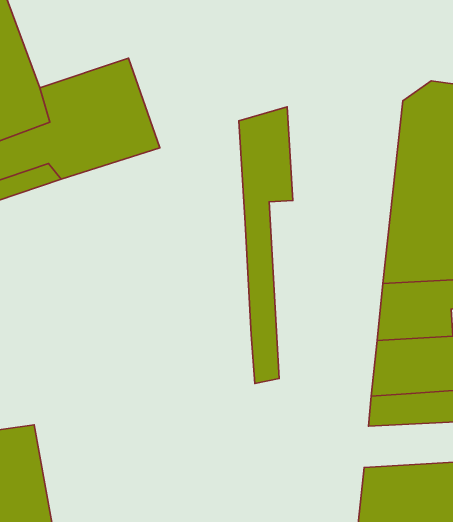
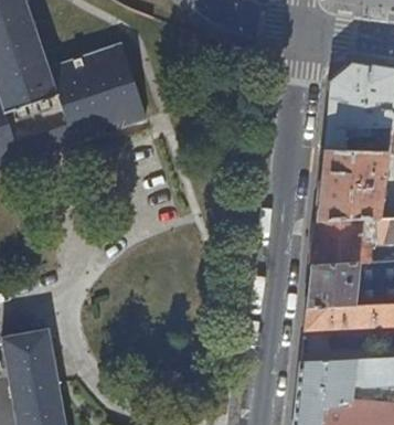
building: [239,107,293,384] -> none

